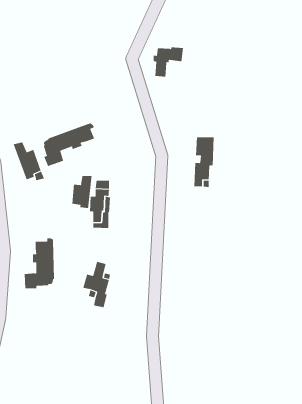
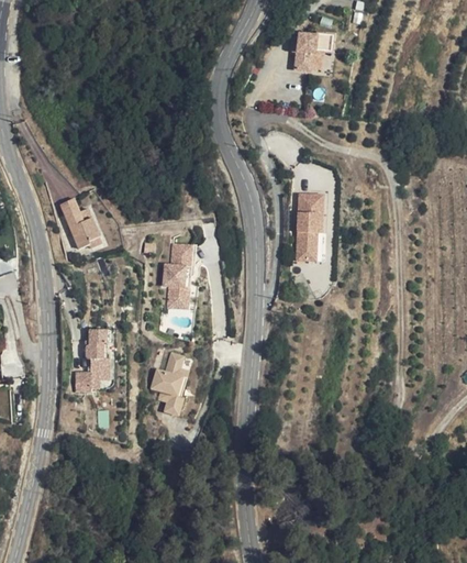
building: [153,47,184,77] -> [291,31,332,70]
building: [43,122,95,167] -> none
building: [72,175,92,209] -> none

